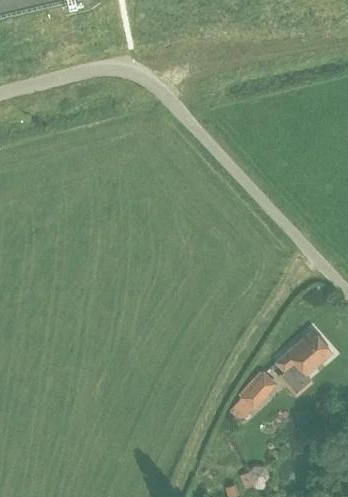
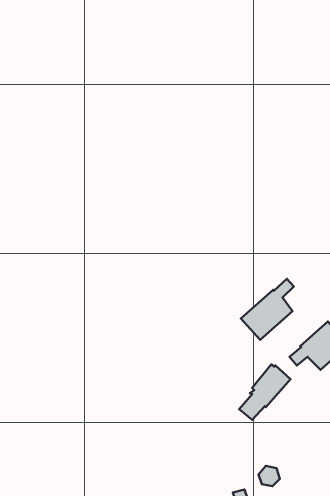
building: none -> [241,279,294,340]

